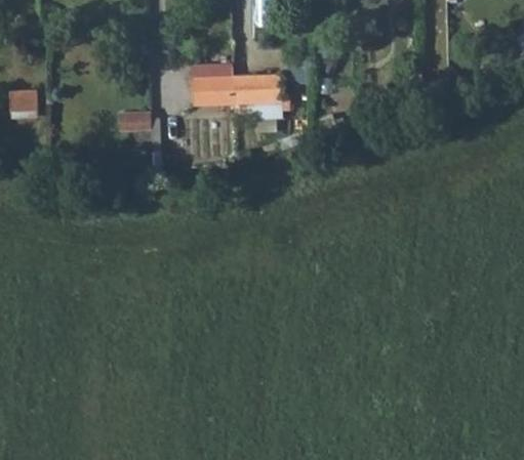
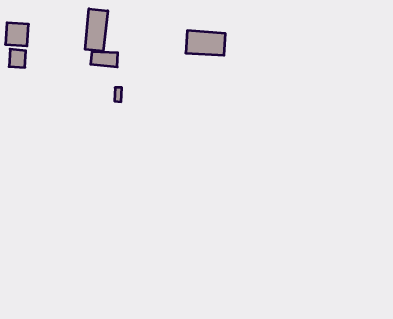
building: none -> [85,9,108,51]
building: [189,74,234,102] -> none

